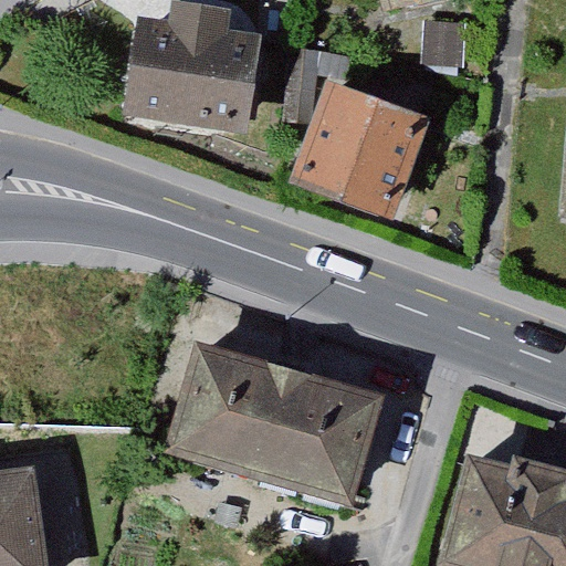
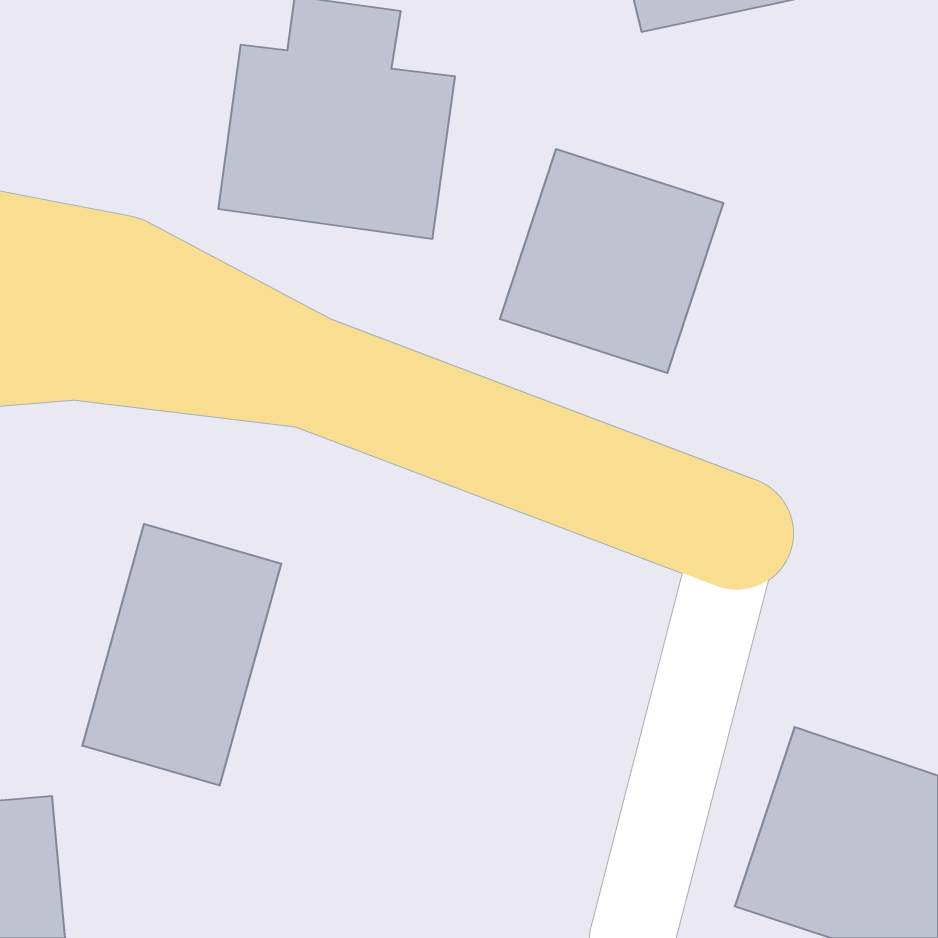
building: none -> [82,524,281,786]
building: [165,331,384,497] -> none

